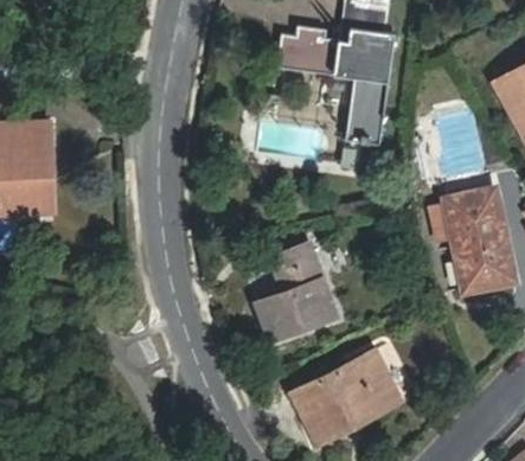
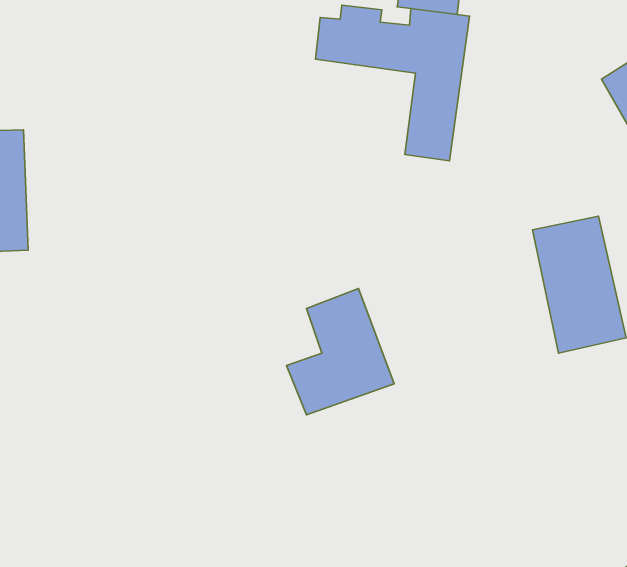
building: [290,353,395,446] -> none

